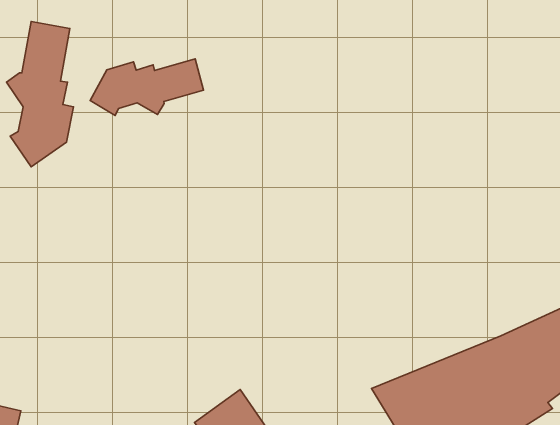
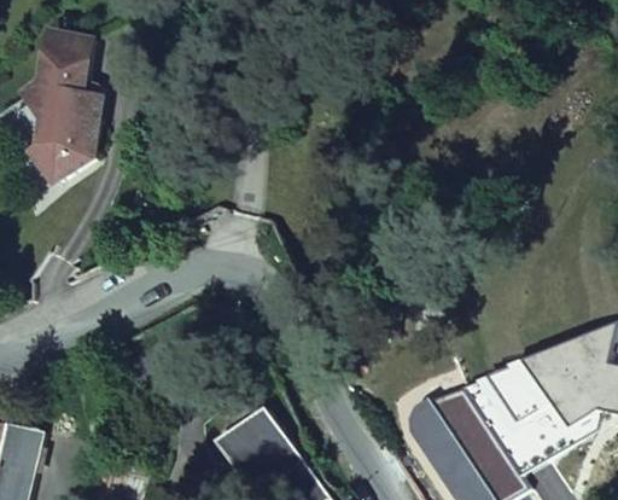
building: [90,59,203,116] -> none

